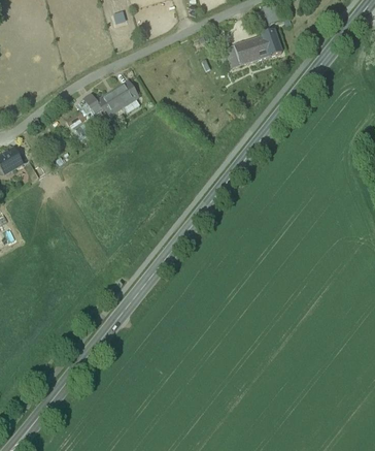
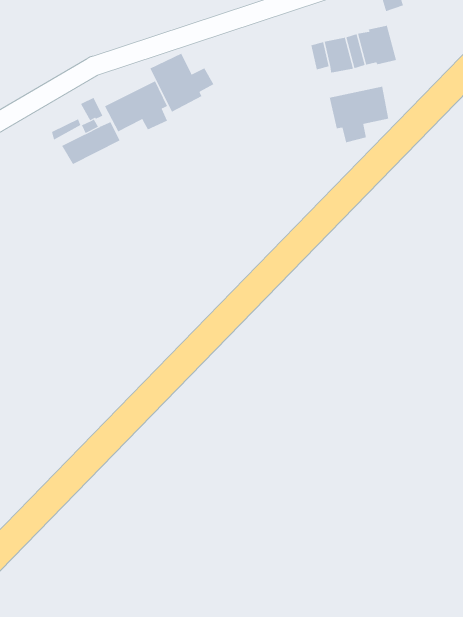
building: none -> [149,53,214,113]
building: none -> [329,86,389,143]

